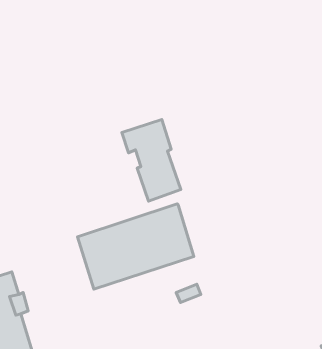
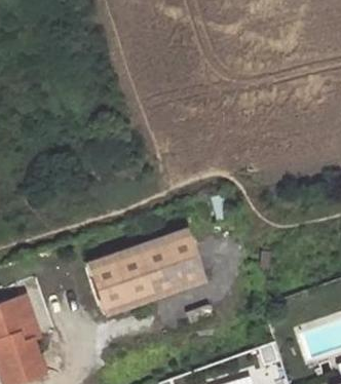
building: [122,119,181,201] -> none

